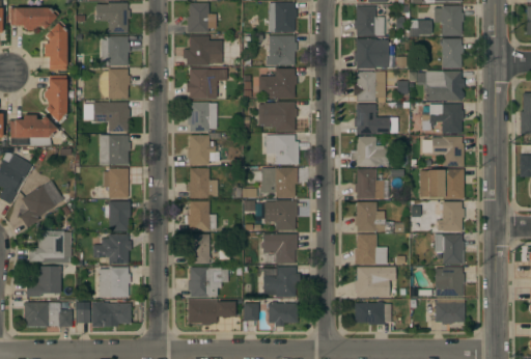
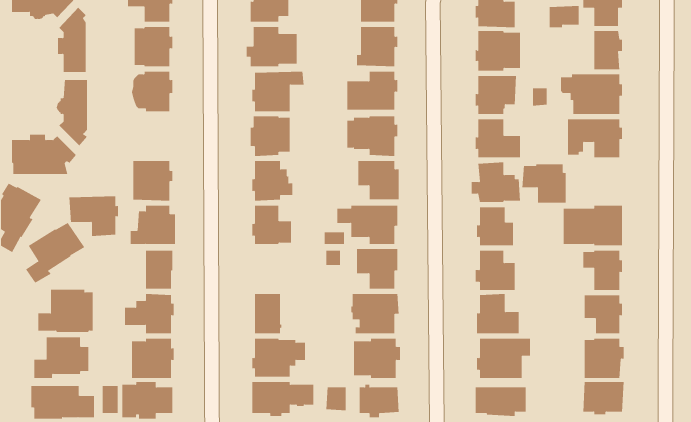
building: [92,102,130,132] -> [69,196,119,236]
building: [430,137,464,166] -> [522,164,566,203]
building: [185,201,216,230] -> none

